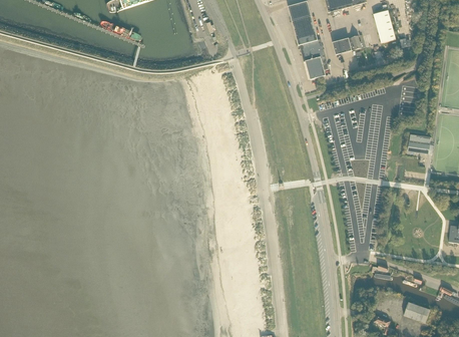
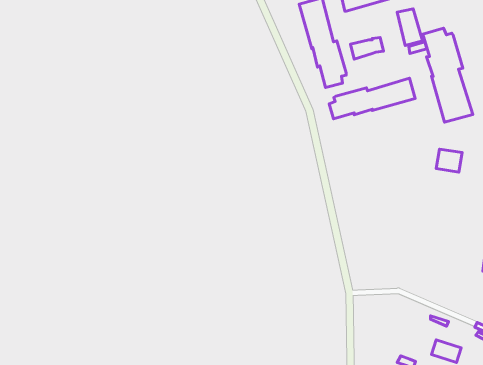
building: none -> [423,28,473,122]
building: none -> [329,78,415,119]

